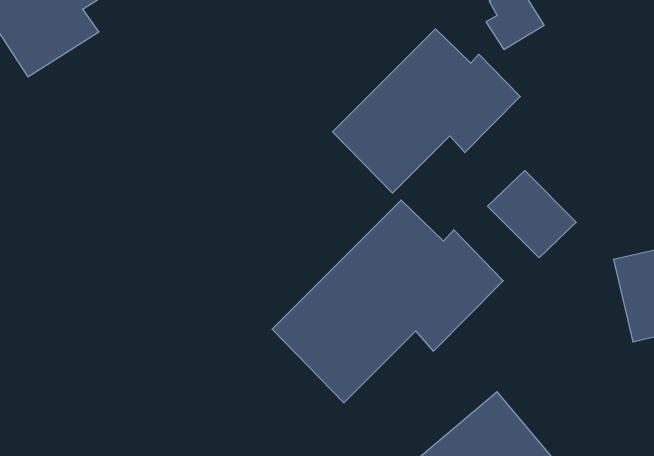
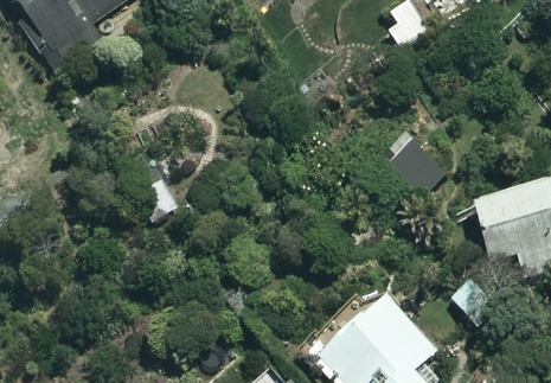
building: [333,29,520,193] -> none
building: [272,200,503,403] -> none

